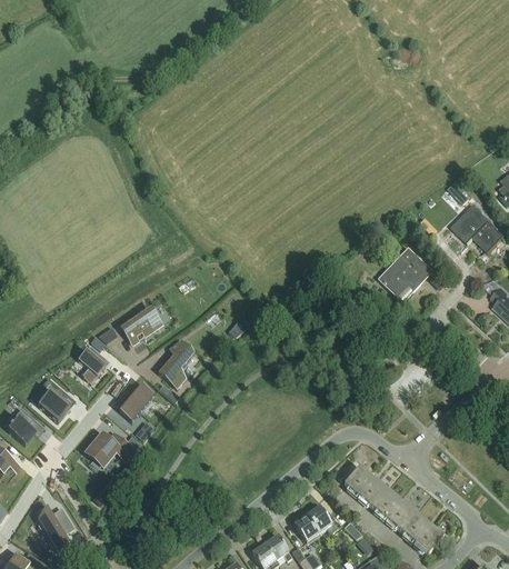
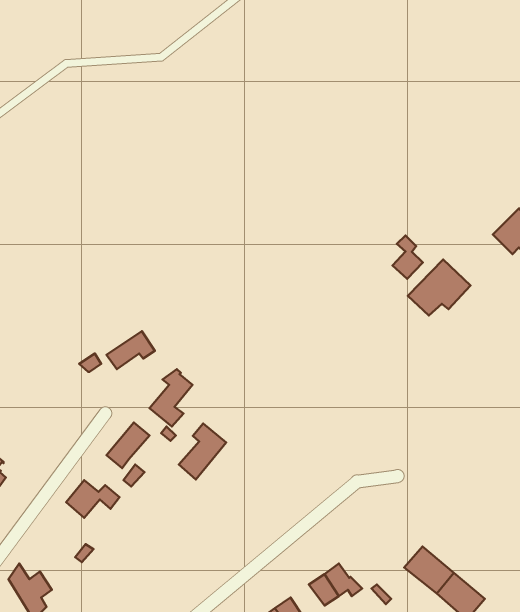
building: none -> [393,235,423,279]
building: [77,345,108,382] -> none
building: [37,382,69,421] -> none
building: none -> [179,423,226,480]
building: [343,465,389,508] -> none

